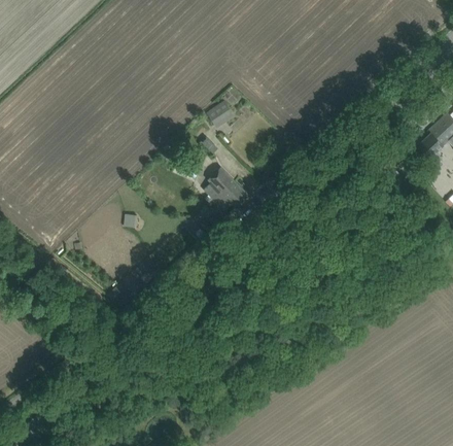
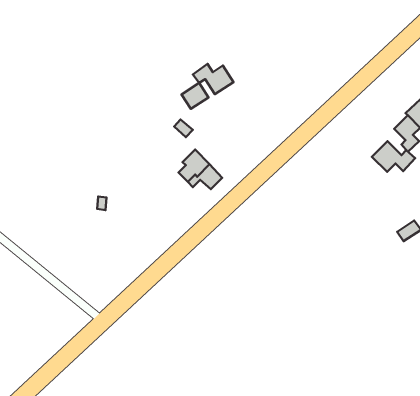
building: none -> [193,64,234,94]
building: none -> [372,141,415,172]

